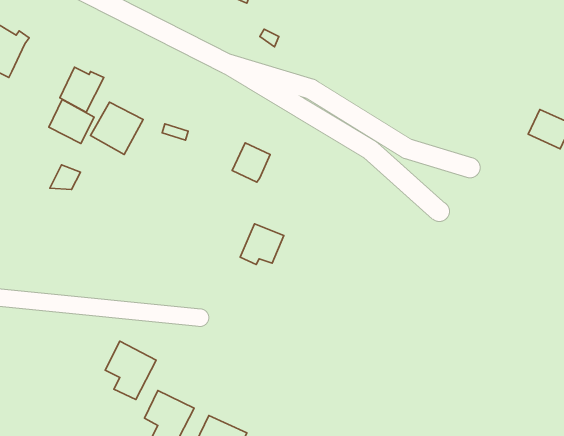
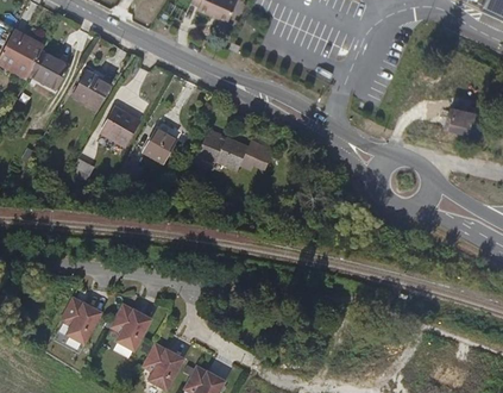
building: [49,100,94,143] -> [36,56,73,92]
building: none -> [196,129,226,163]
building: none -> [146,131,177,163]
building: [240,224,284,265] -> [238,138,273,171]
building: none -> [62,293,103,341]

